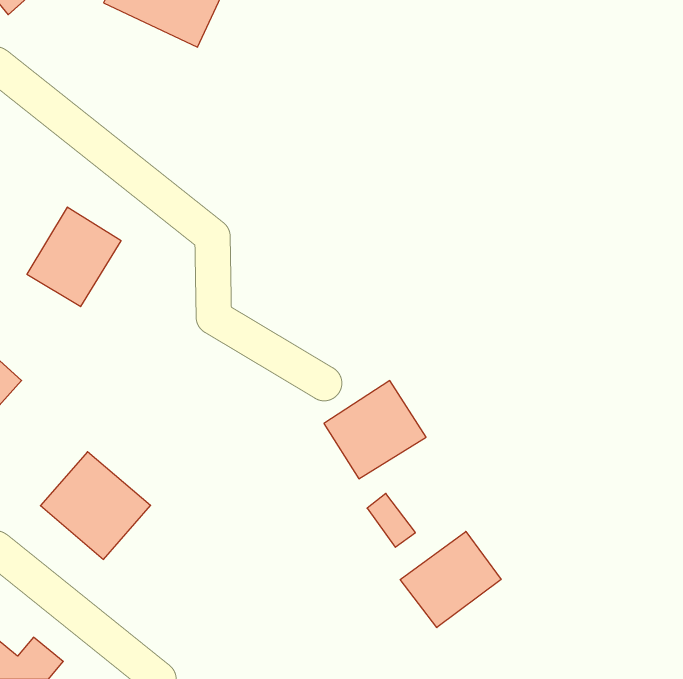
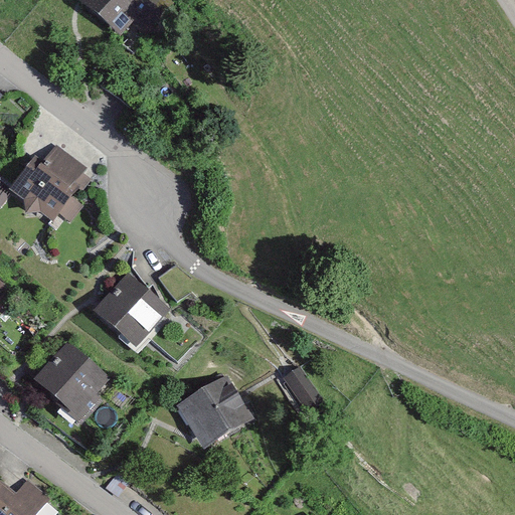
building: none -> [92,269,169,346]
building: [324,381,426,479] -> [175,372,251,446]
building: [400,531,501,628] -> none

